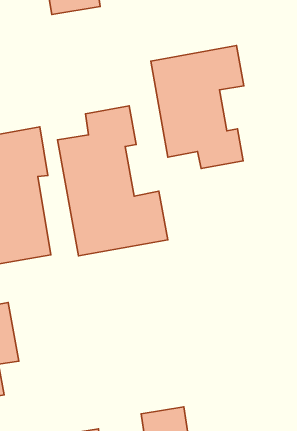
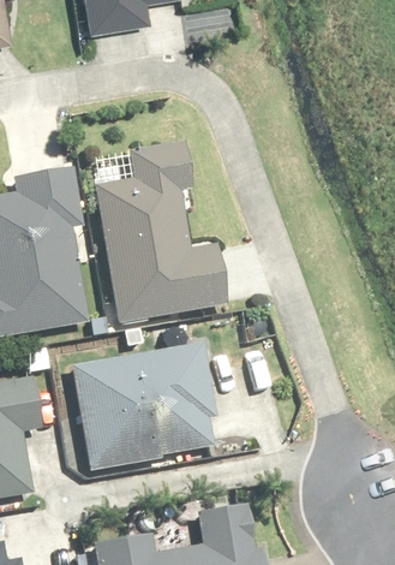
building: [151,46,244,168] -> none
building: none -> [74,345,219,470]

